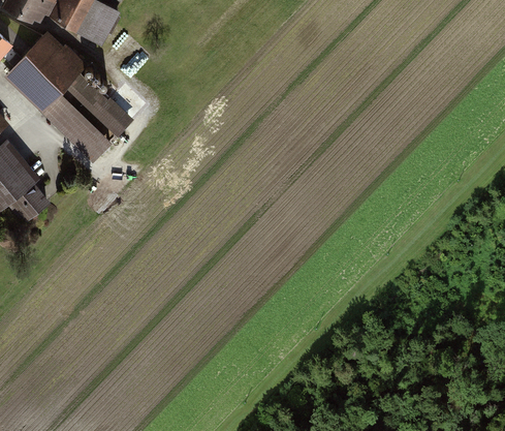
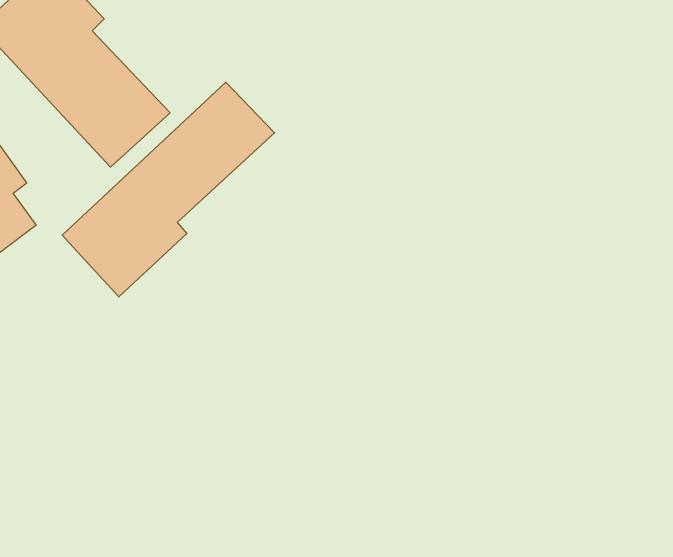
building: none -> [62,82,275,297]

